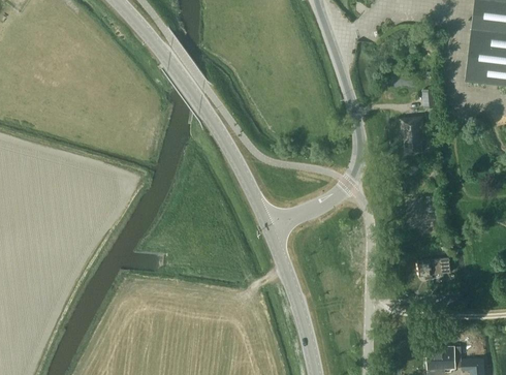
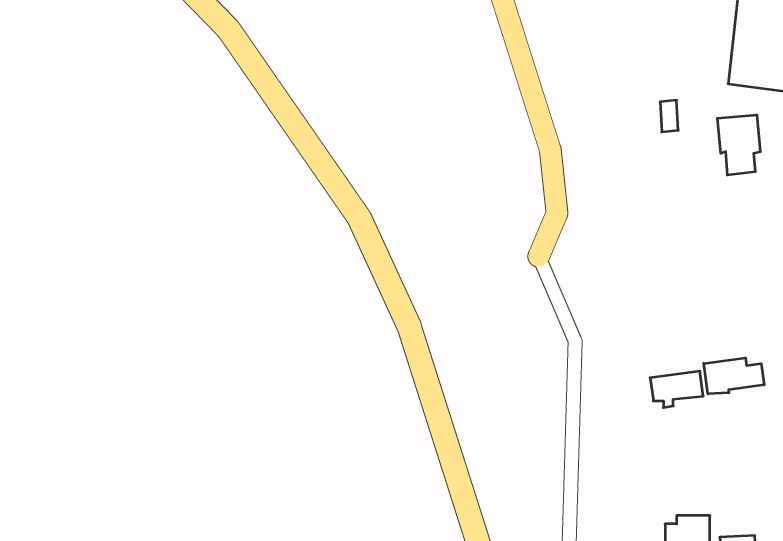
building: [400,116,426,153] -> [717,115,760,175]
building: none -> [704,358,764,394]

